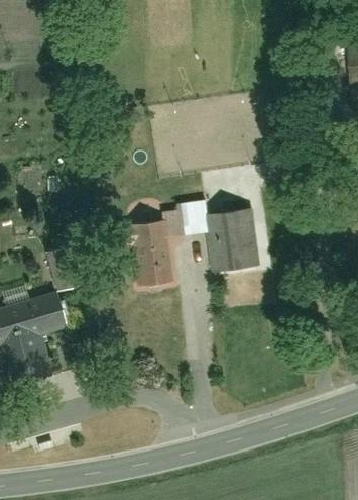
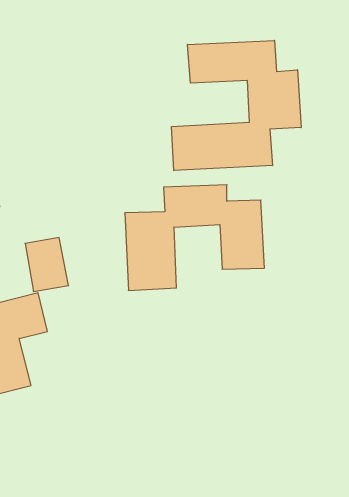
building: none -> [172,40,301,171]

